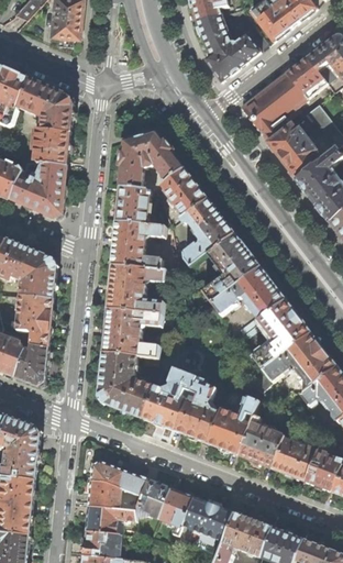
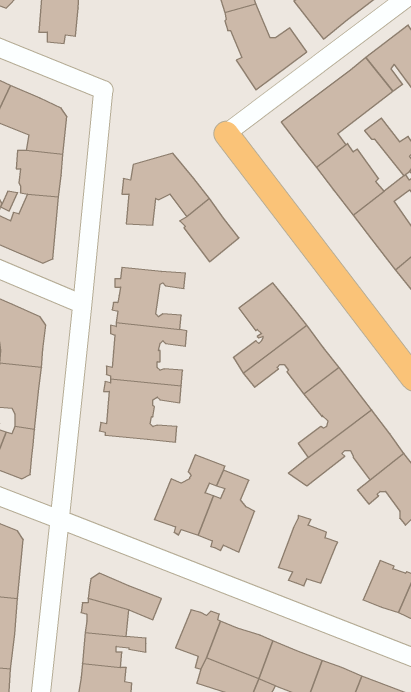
building: [113,186,148,223] -> none
building: [180,197,233,266] -> none
building: [96,351,154,417] -> none
building: [207,395,258,454] -> none
building: [270,437,317,479] -> none
building: [134,478,169,517] -> none

